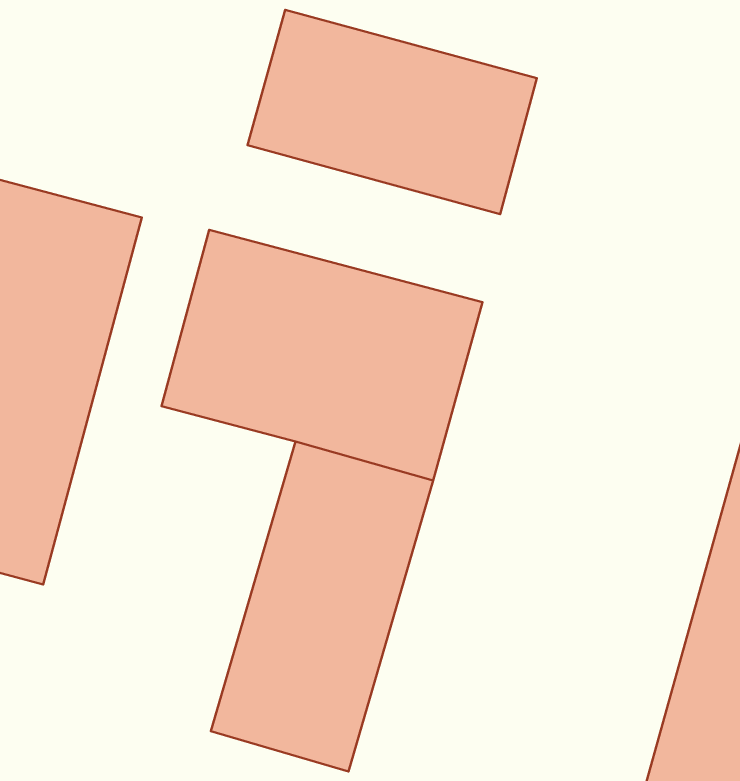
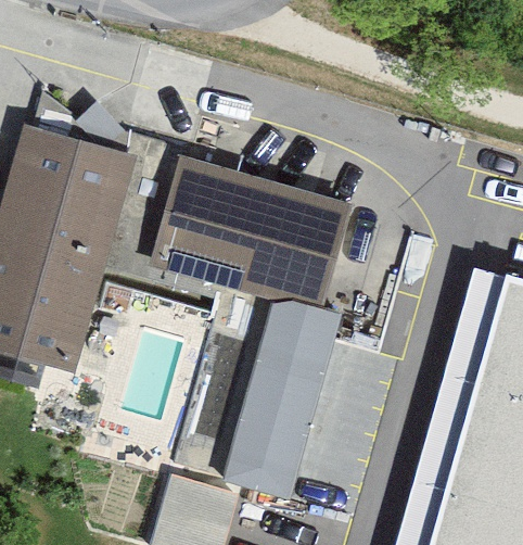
building: [247,10,537,214] -> none

